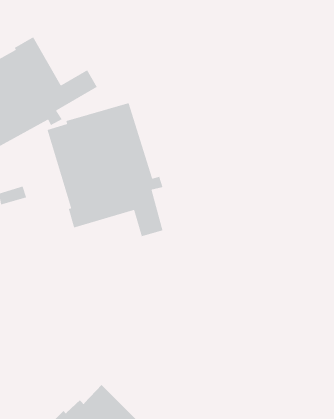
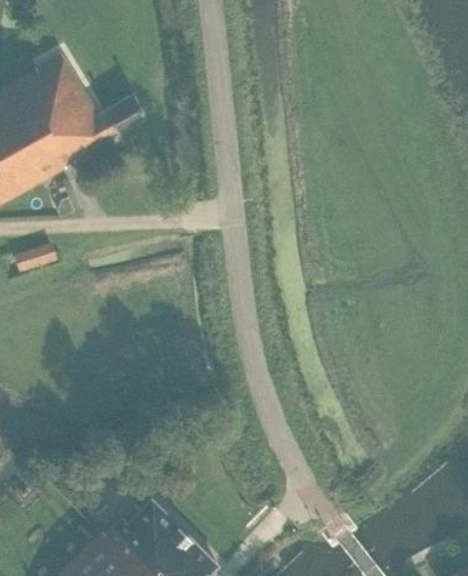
building: [47,102,164,237] -> none

